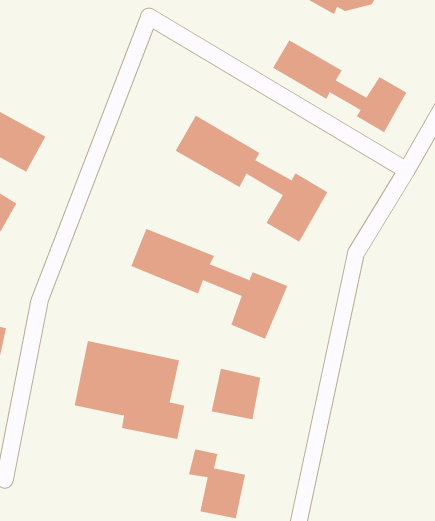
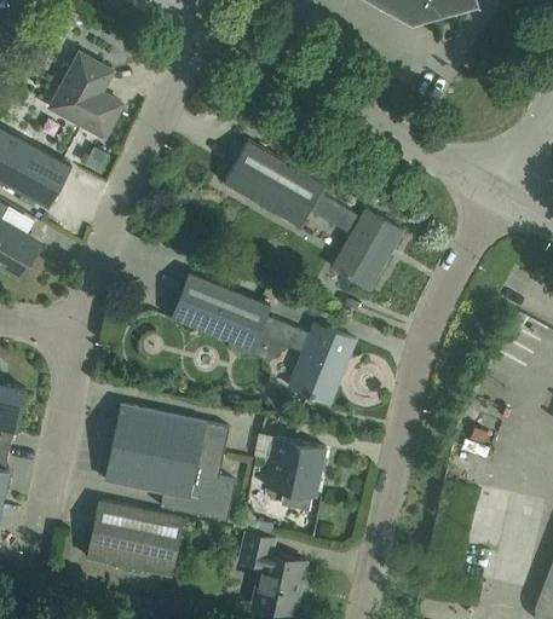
building: [272,39,407,133] -> none
building: none -> [51,54,122,137]
building: none -> [88,502,184,577]

